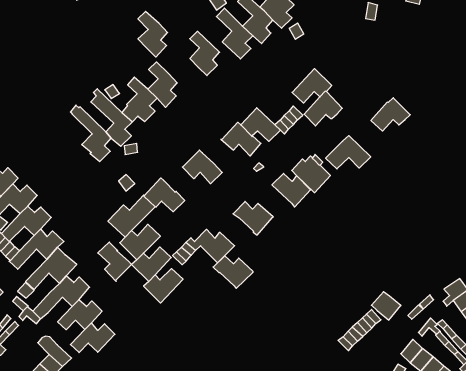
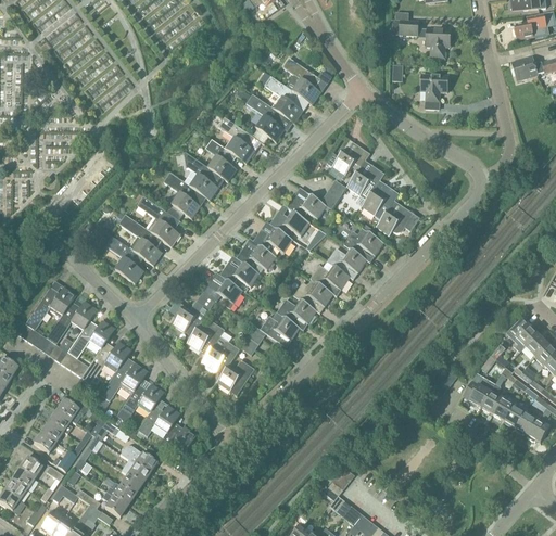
building: [138,11,168,57] -> [205,139,238,182]
building: none -> [422,75,448,109]
building: [371,98,410,131] -> [363,180,401,215]
building: none -> [105,235,144,283]
building: none -> [254,220,294,252]
building: none -> [220,255,261,286]
building: none -> [312,264,351,295]
building: [98,242,132,281] -> none
building: [213,256,253,288] -> [277,298,317,329]
building: [371,292,401,320] -> [463,380,492,407]

